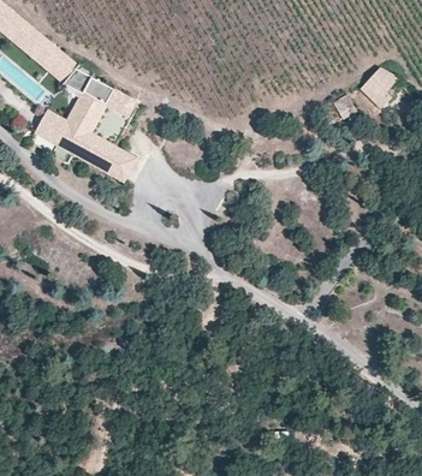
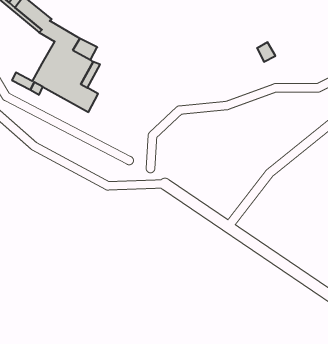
building: [358,66,398,106] -> none
building: [32,108,65,141] -> none

